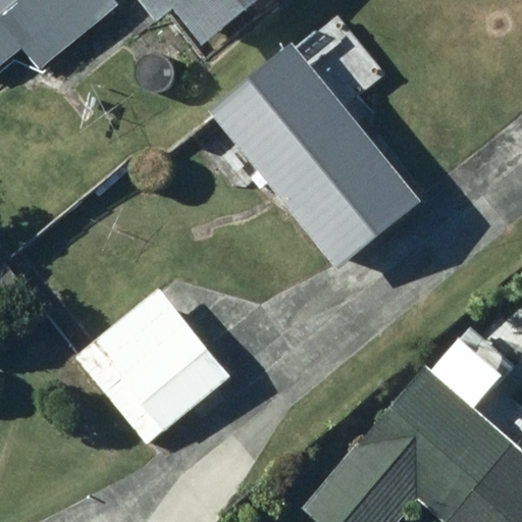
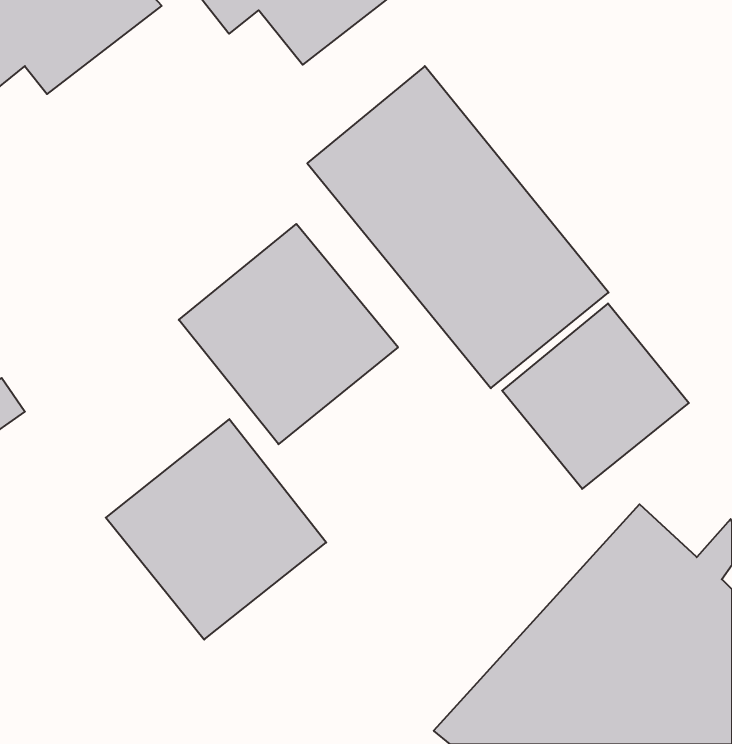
building: none -> [179,224,398,444]
building: none -> [502,303,689,489]

